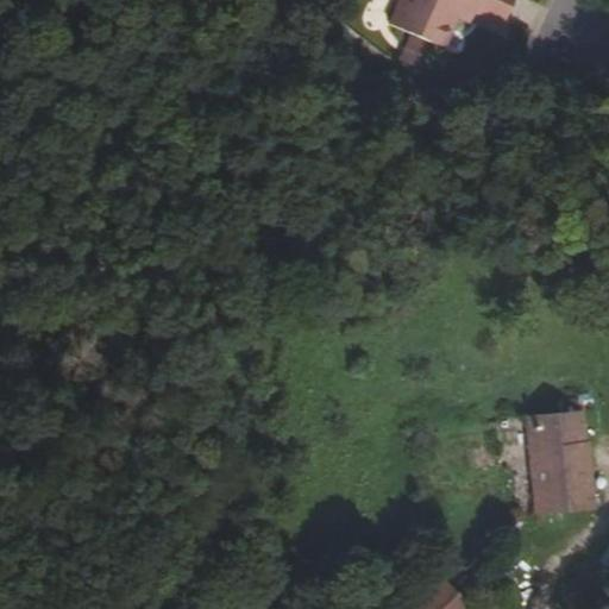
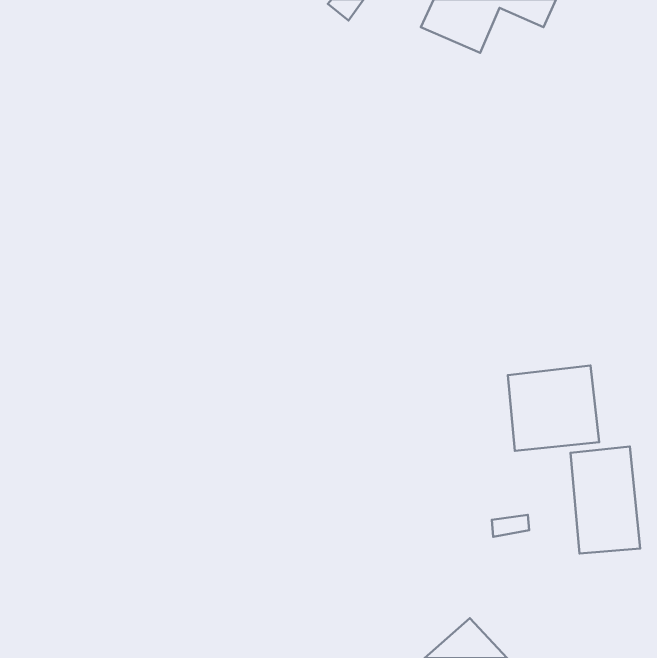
building: none -> [508,365,599,451]

